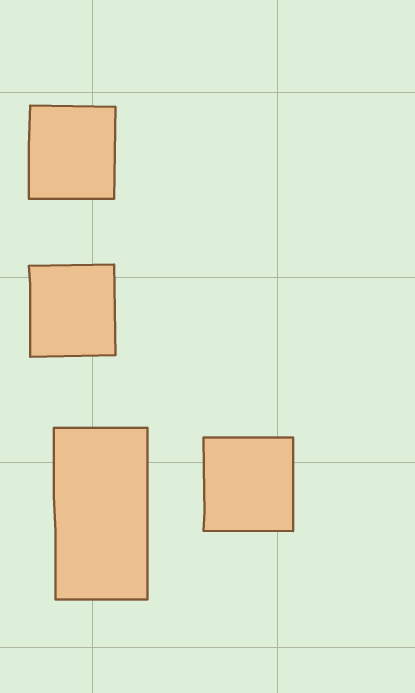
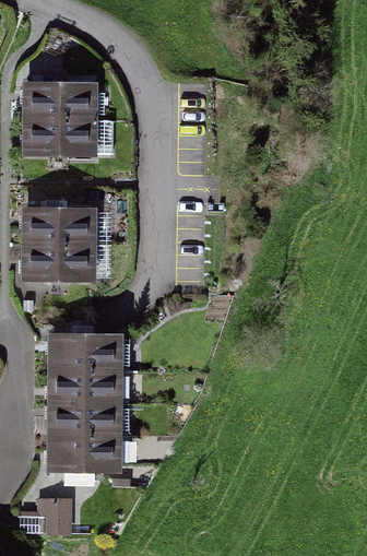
building: [203,437,293,531] -> none
building: none -> [37,498,68,533]

